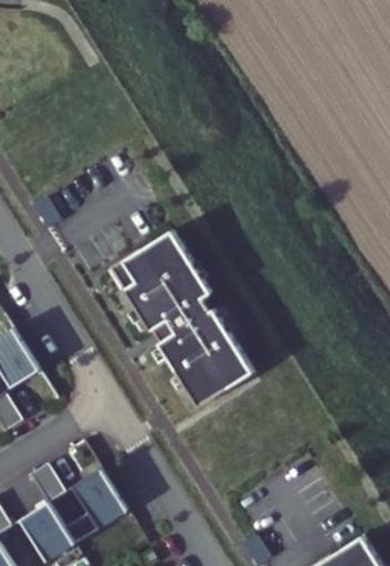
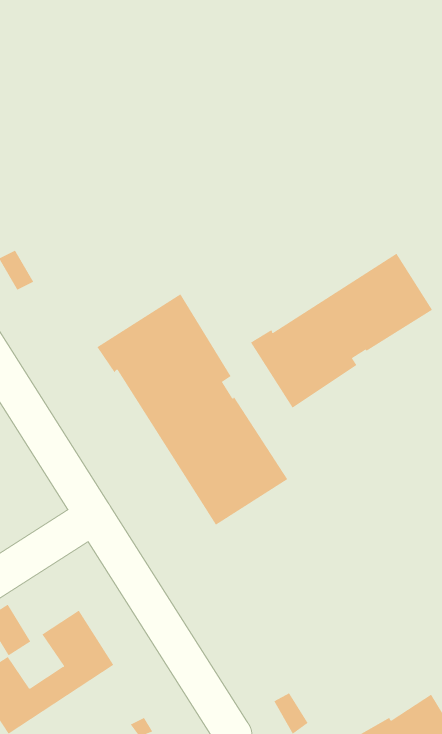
building: none -> [250,253,433,408]

